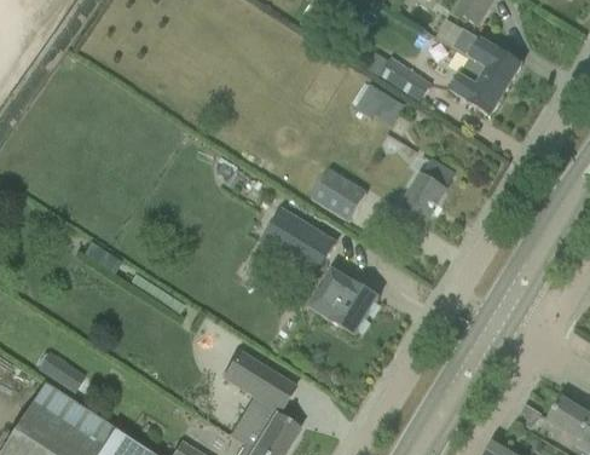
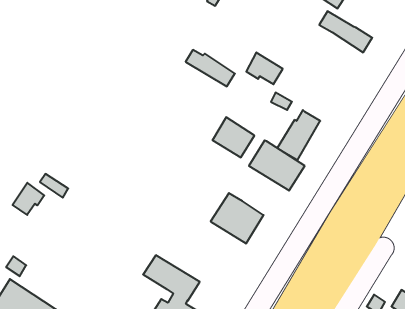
building: [365,51,430,99] -> [186,50,235,86]
building: [449,56,510,116] -> none
building: [264,197,337,264] -> [249,140,305,191]
building: none -> [13,183,44,215]

